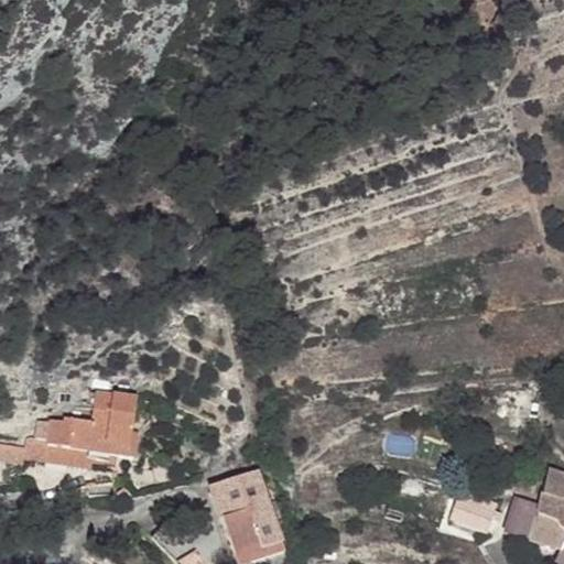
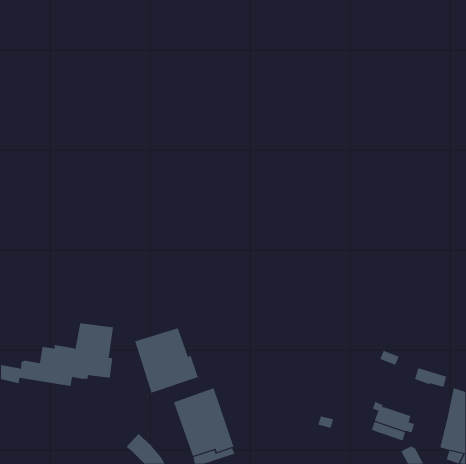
building: none -> [134,327,199,393]
building: [502,496,540,541] -> none

